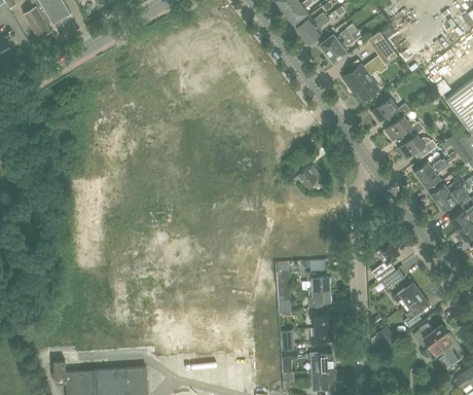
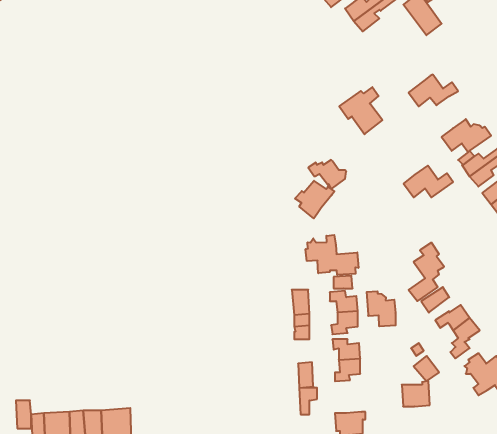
building: [342,63,377,101] -> [339,87,382,134]
building: [384,115,424,141] -> [404,166,453,197]
building: none -> [295,181,334,218]
building: none -> [306,235,358,275]
building: none -> [367,291,396,326]
building: [310,351,332,371] -> [402,381,430,406]

